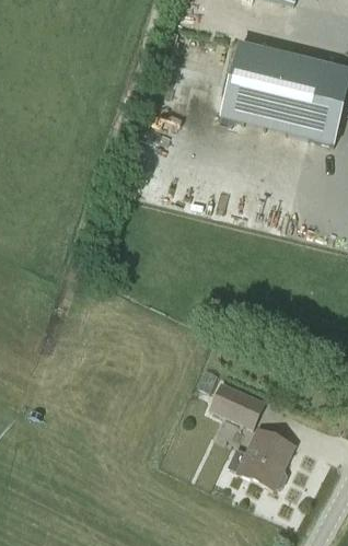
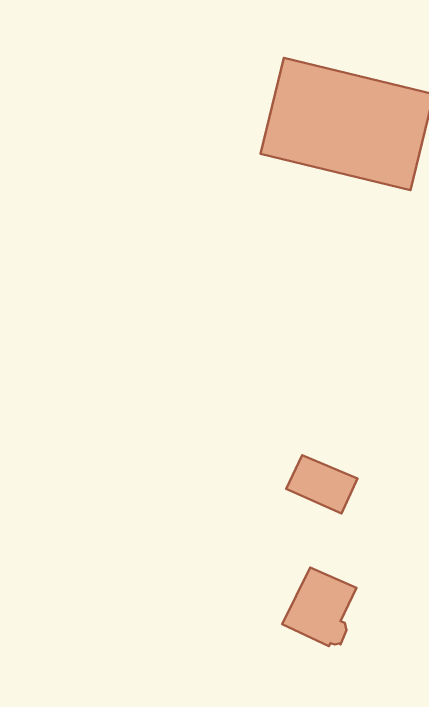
building: [210,383,264,427] -> [286,455,358,513]

